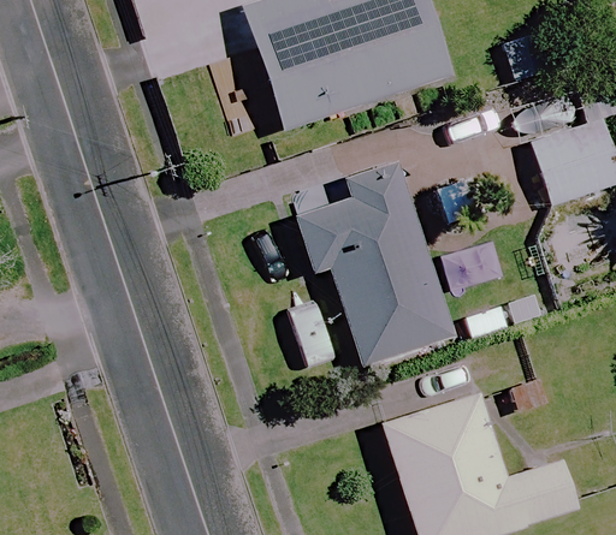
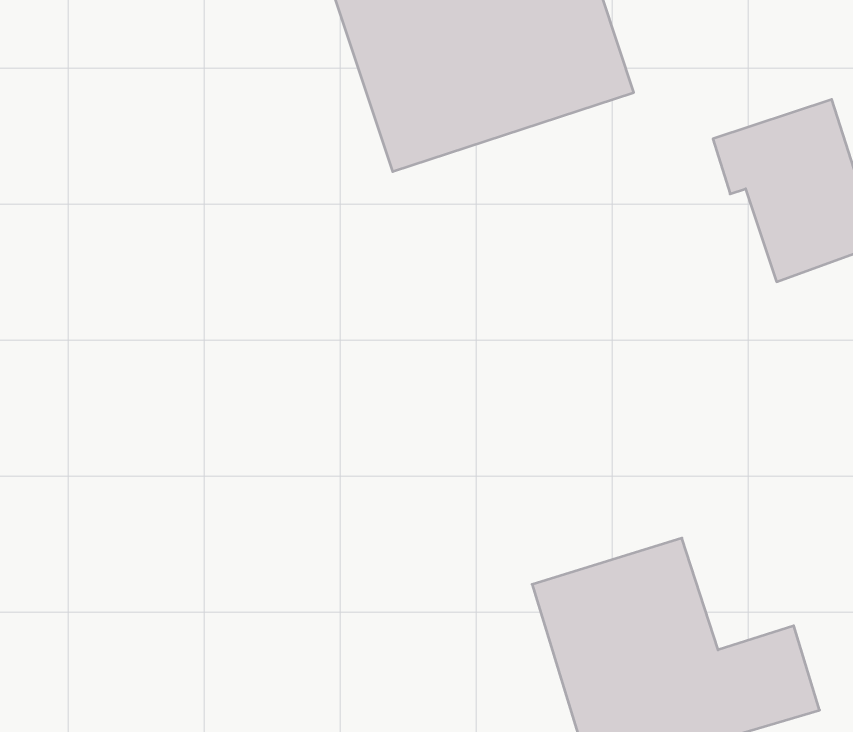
building: [296,165,456,367] -> none

